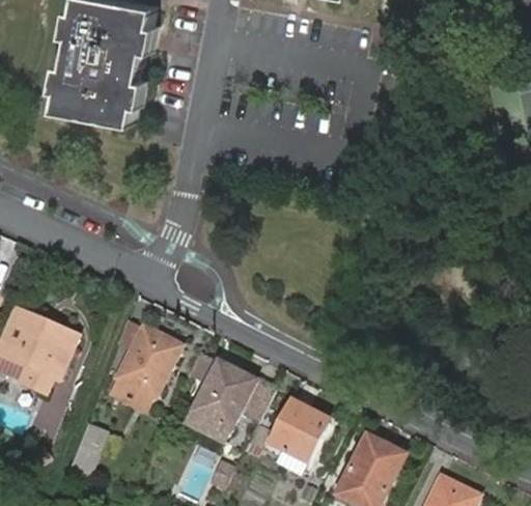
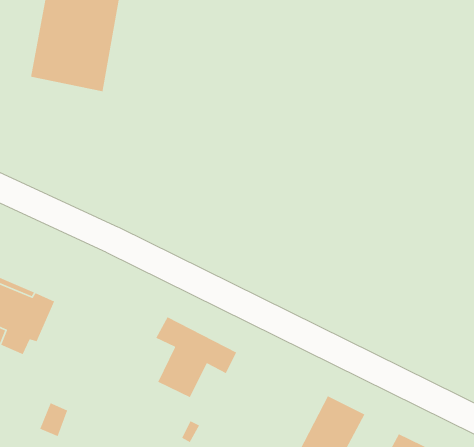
building: [113,326,177,414] -> none
building: [268,401,326,461] -> none

